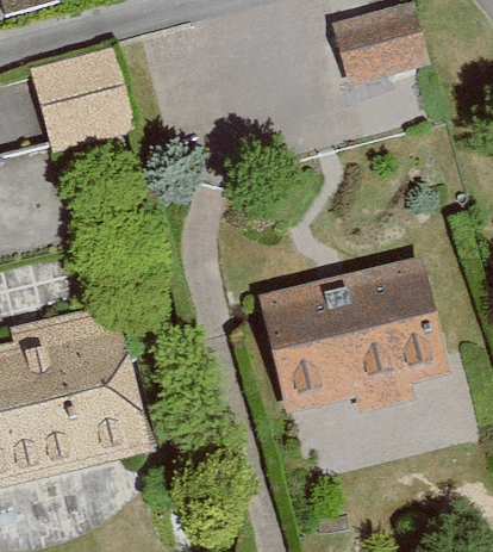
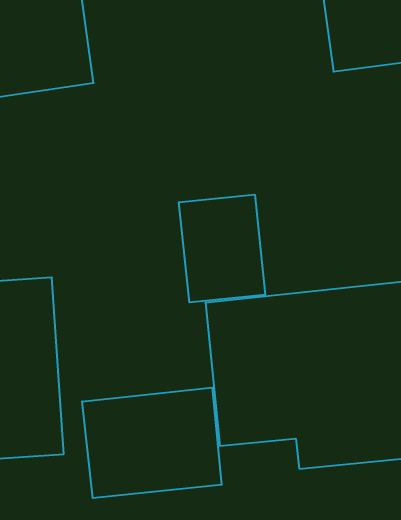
building: none -> [179,195,265,302]
building: none -> [82,388,221,498]

